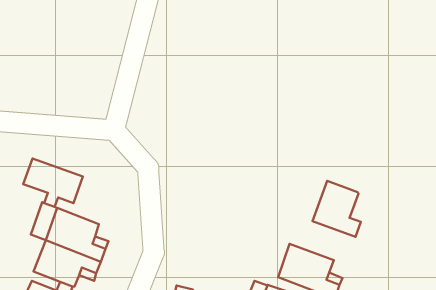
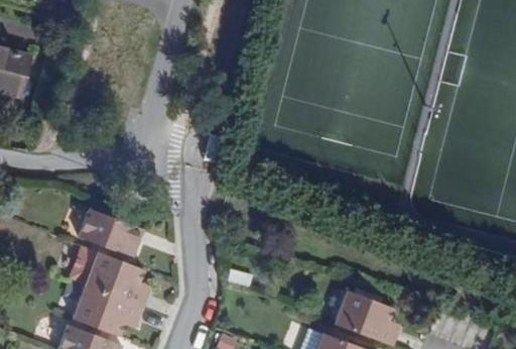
building: [312,181,361,237] -> none

